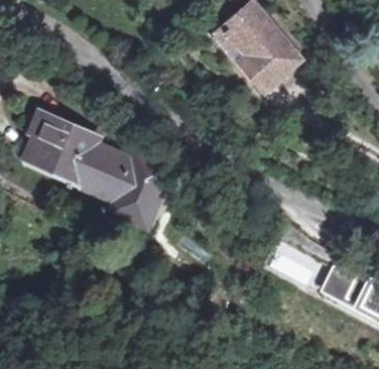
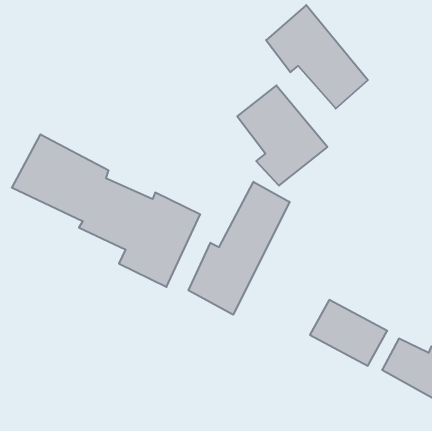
building: none -> [237,85,327,186]
building: none -> [189,182,290,315]

